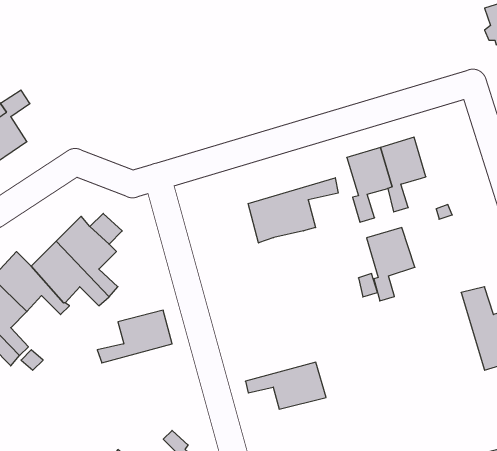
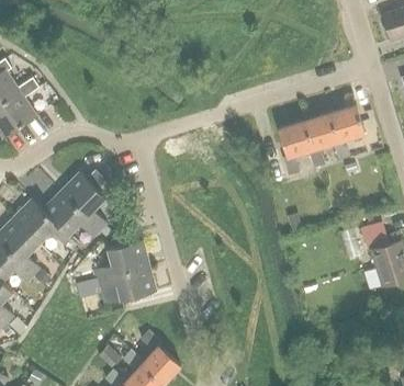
building: [248,178,338,243] -> none
building: [367,228,415,301] -> [329,104,366,159]
building: [245,362,326,409] -> [96,266,156,302]

